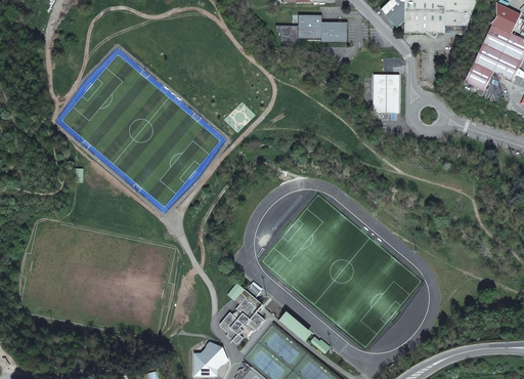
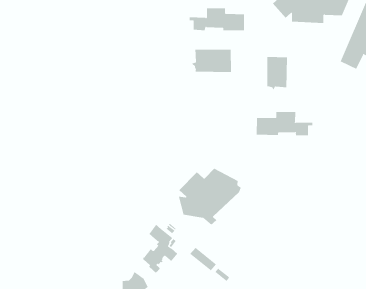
building: none -> [190,49,232,73]
building: none -> [256,111,313,136]
building: none -> [178,168,241,225]

